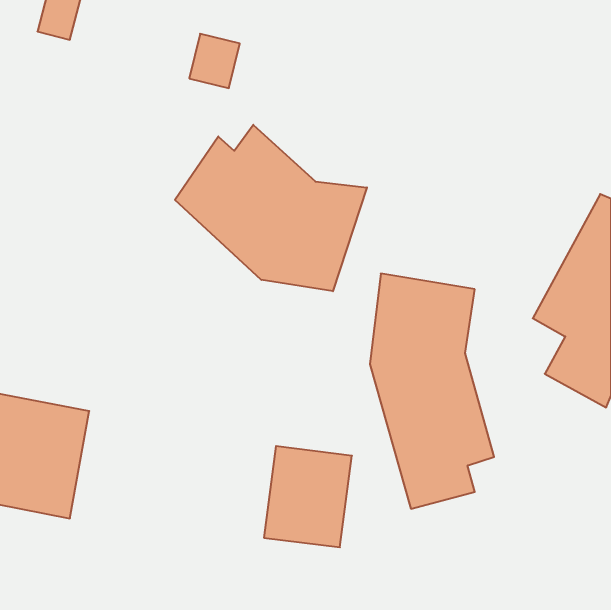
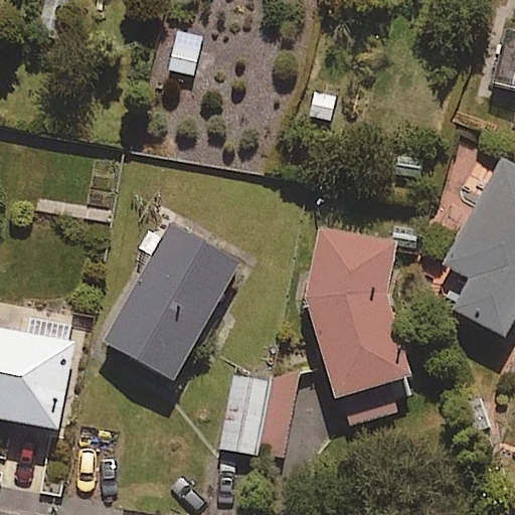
building: [175,125,367,291] -> none
building: none -> [100,209,244,377]

